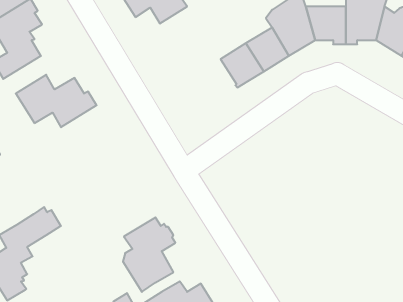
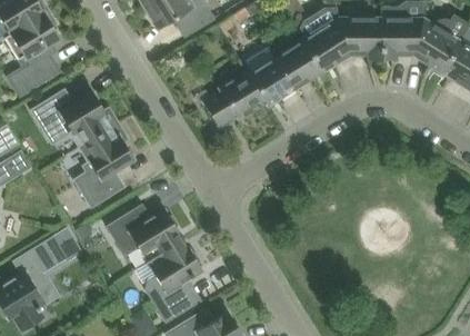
building: none -> [203,72,266,128]
building: none -> [76,123,133,206]
building: none -> [108,206,180,263]

